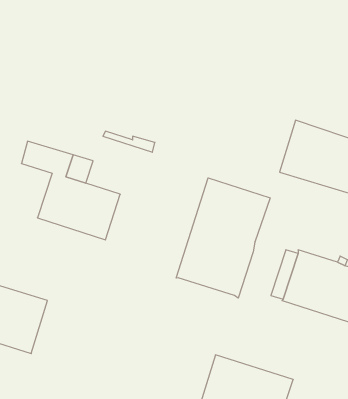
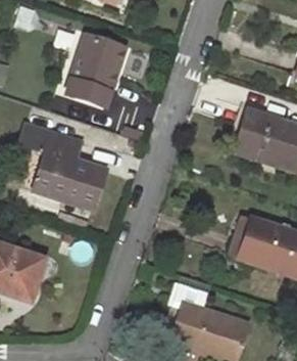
building: none -> [64,33,129,109]
building: [176,178,270,298] -> none

